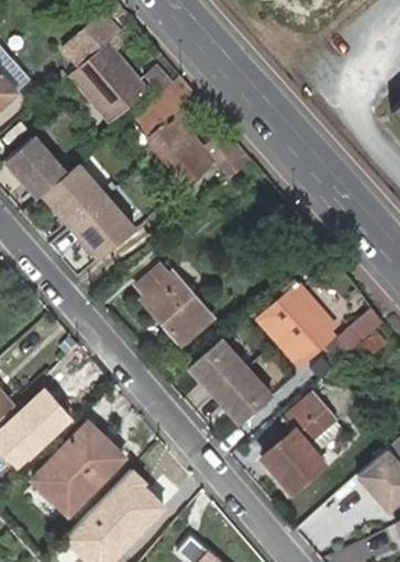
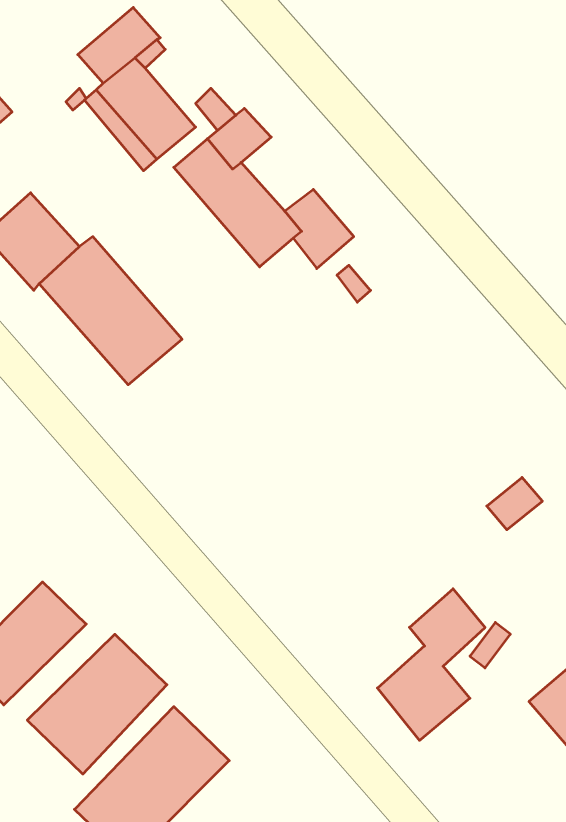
building: [134,269,211,349] -> none
building: [259,284,326,359] -> none
building: [190,340,273,425] -> none

